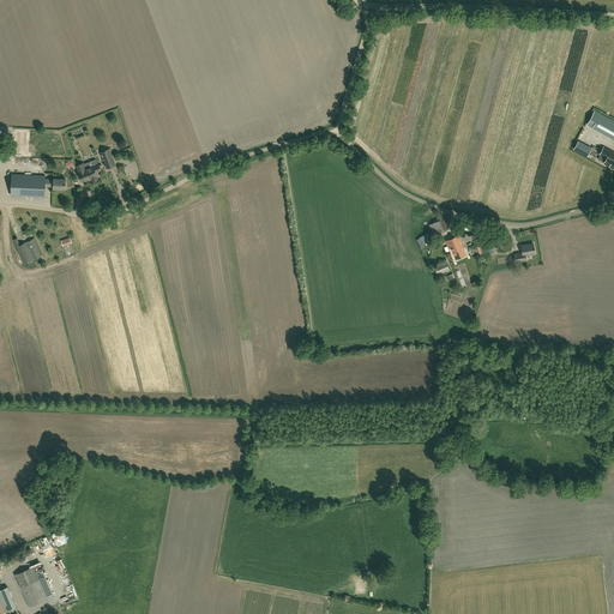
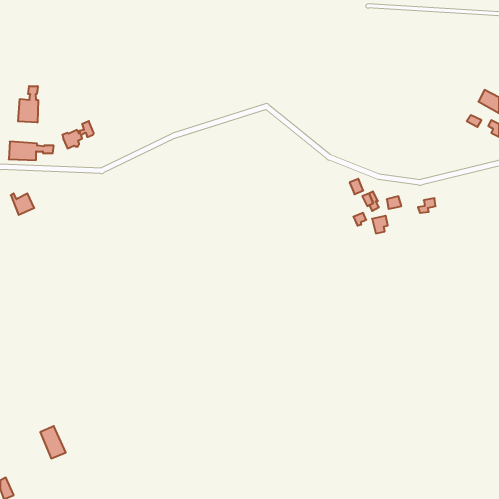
building: none -> [18,86,38,123]
building: [16,567,47,607] -> [40,426,66,458]

